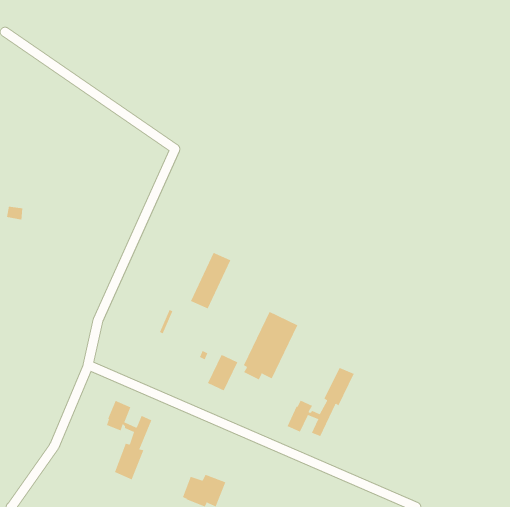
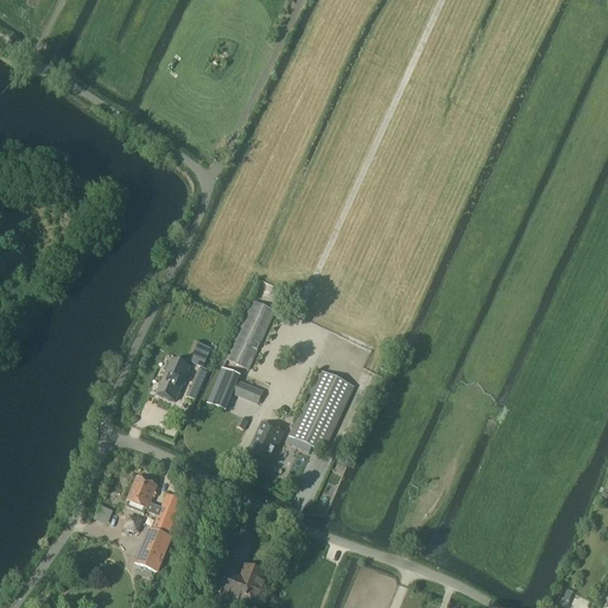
building: none -> [157,357,191,399]
building: none -> [209,366,264,408]
building: [287,367,355,437] -> none

